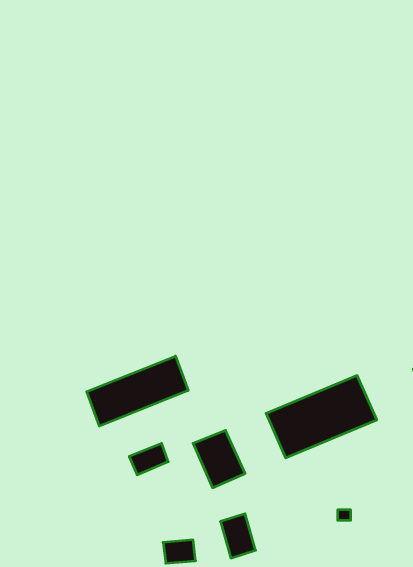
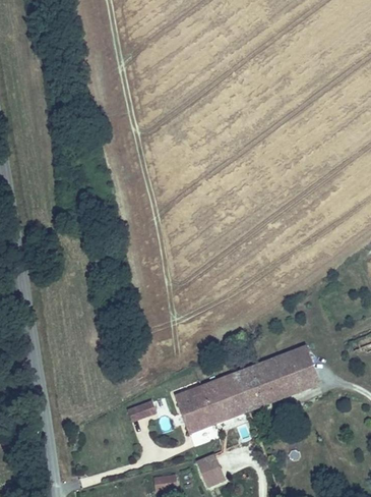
building: [87,356,188,426] -> none
building: none -> [201,375,248,422]

